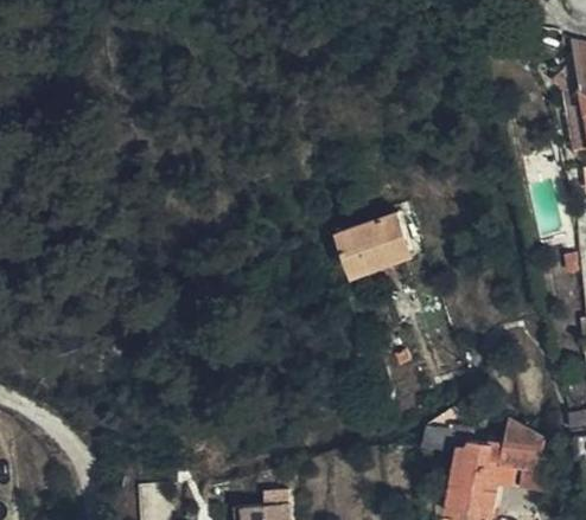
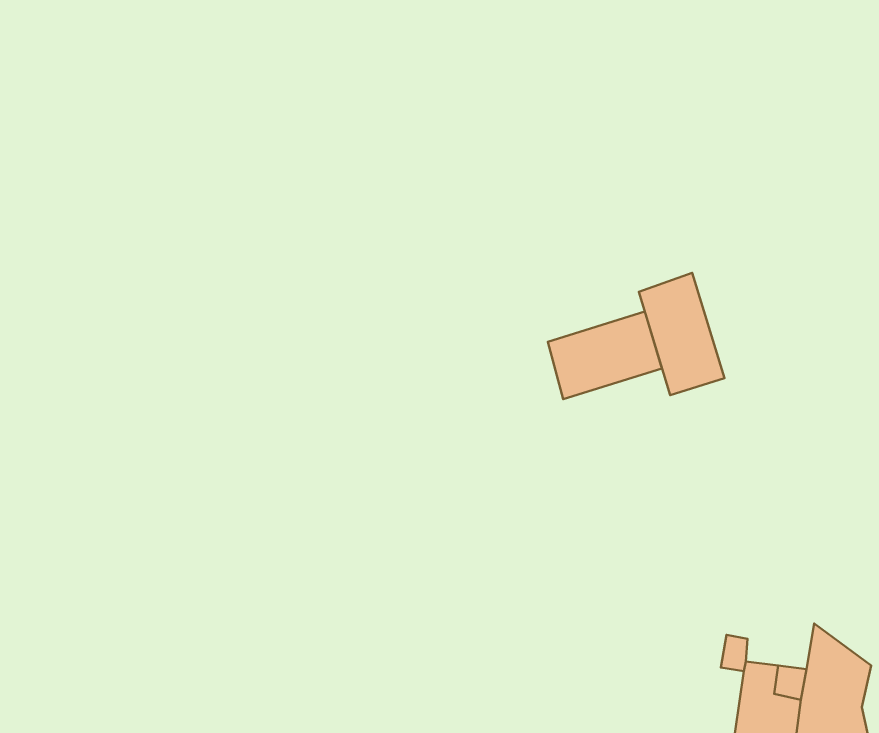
building: none -> [639,273,725,395]

